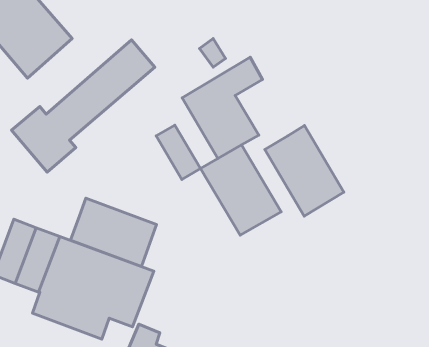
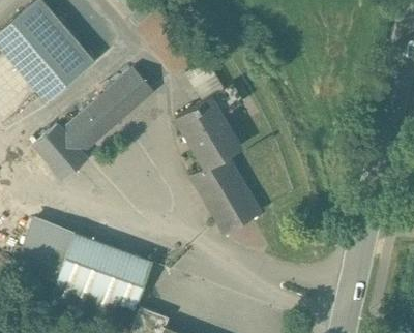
building: [156,125,201,179] -> none
building: [265,126,344,216] -> none
building: [71,198,156,267] -> none

